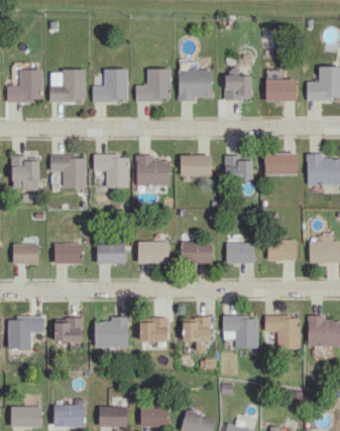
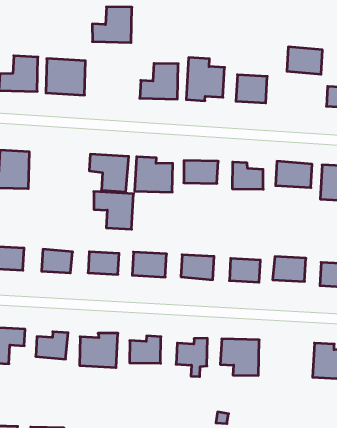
building: [92,68,128,102] -> [92,7,132,43]
building: [265,79,297,102] -> [287,47,322,74]
building: [49,155,86,187] -> [94,192,134,229]
building: [265,315,300,348] -> none

